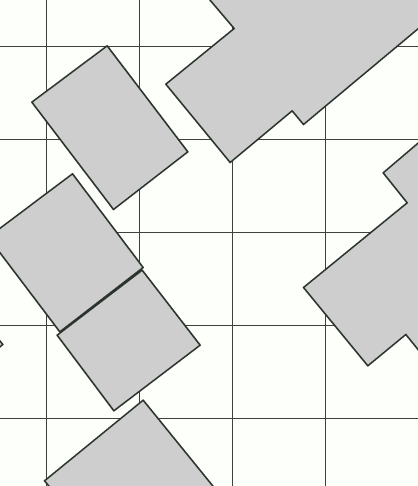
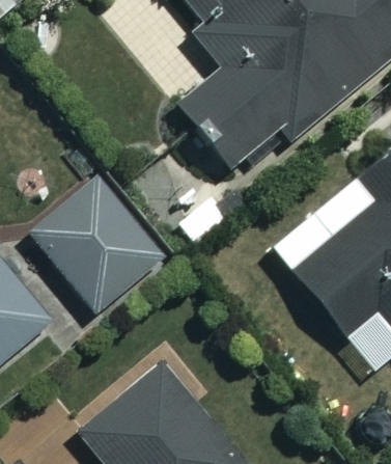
building: [32,46,188,210] -> none
building: [57,270,200,411] -> none

